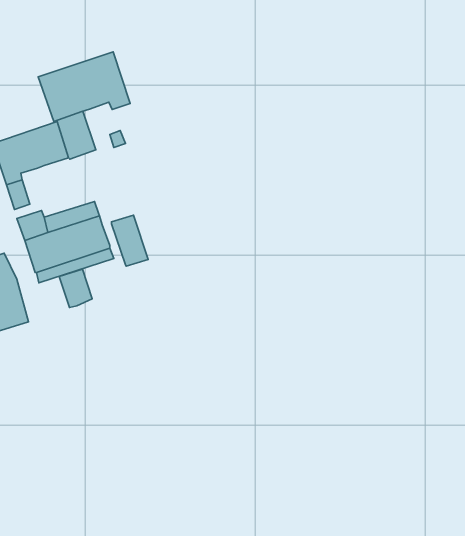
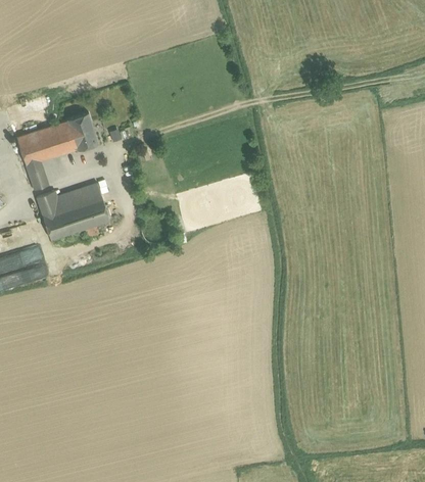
building: [38,52,130,121] -> none
building: [112,215,148,266] -> none
building: [59,269,92,307] -> none

